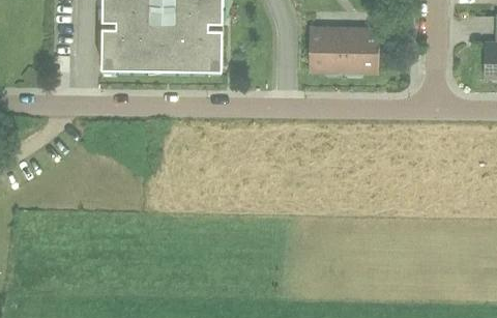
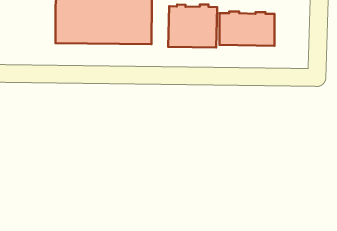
building: none -> [168,4,217,47]

